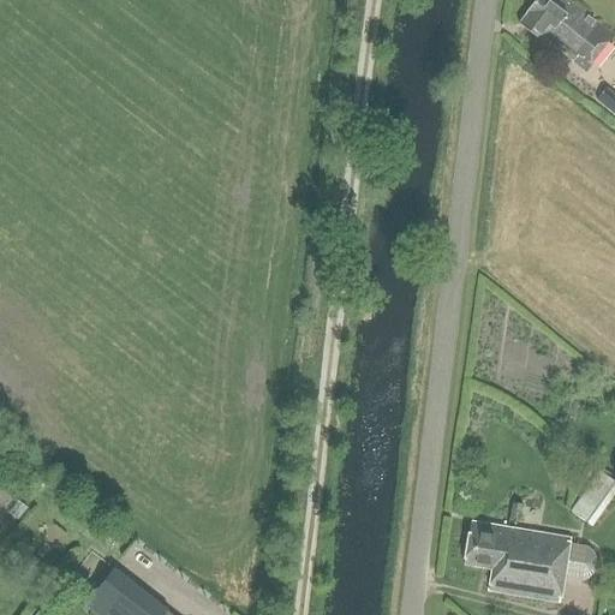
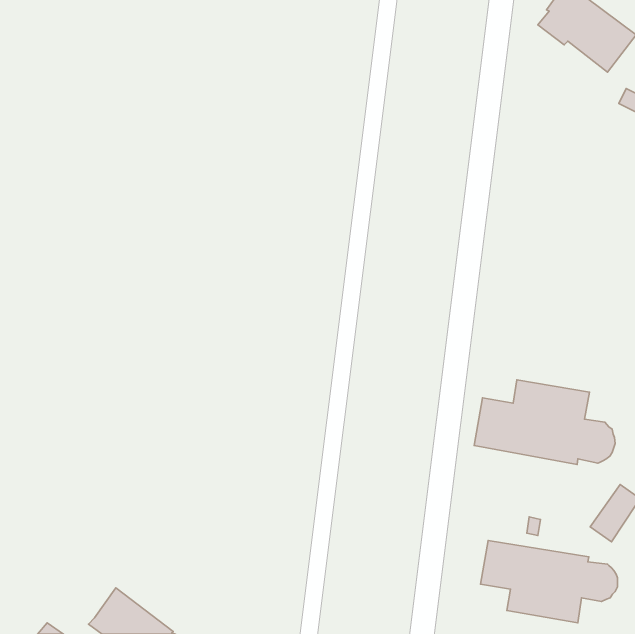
building: none -> [474,380,615,464]

